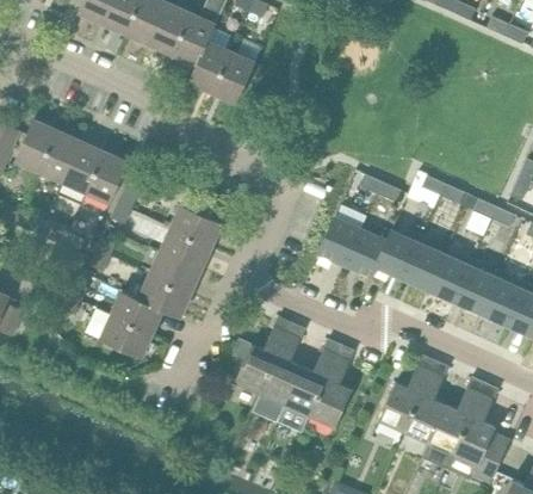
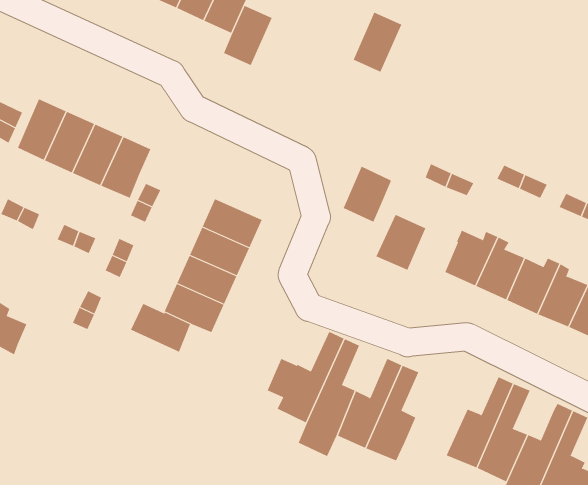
building: [213,51,255,103] -> [353,12,402,72]
building: [346,229,388,277] -> [343,166,392,222]
building: [101,315,153,357] -> none

